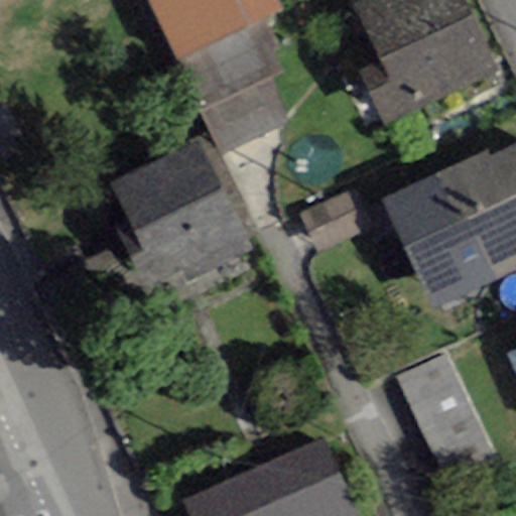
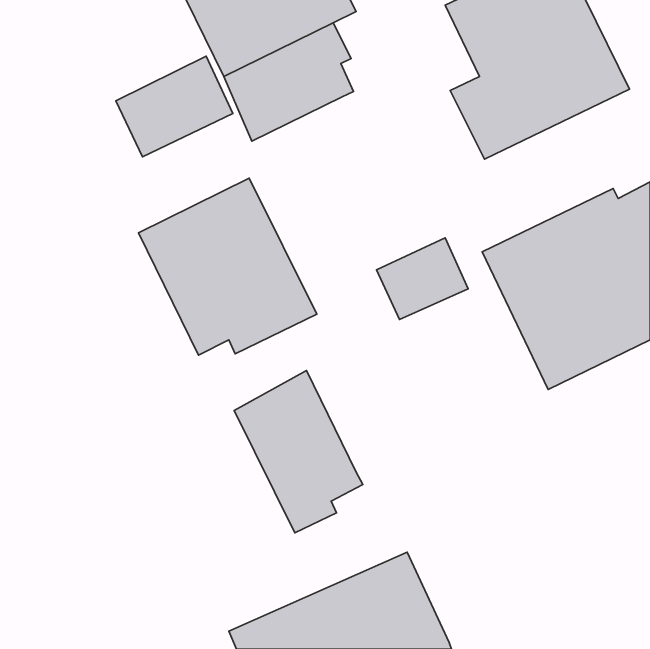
building: [200,77,292,156] -> [116,56,233,157]
building: none -> [234,371,363,533]
building: [395,355,495,481] -> none

